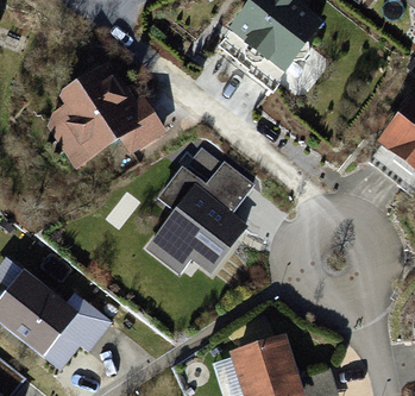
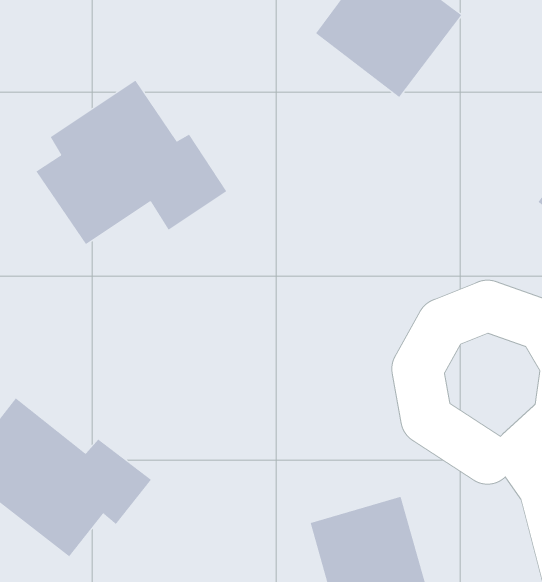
building: [147,158,256,275] -> none

